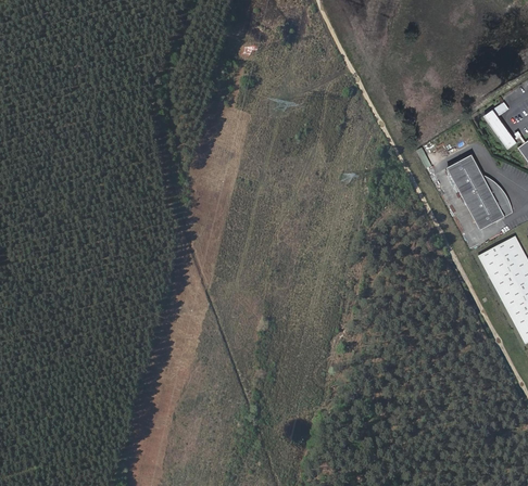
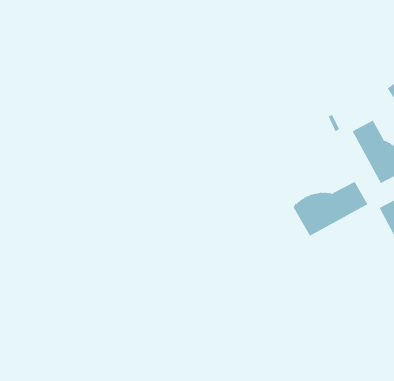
building: none -> [293,181,368,236]

